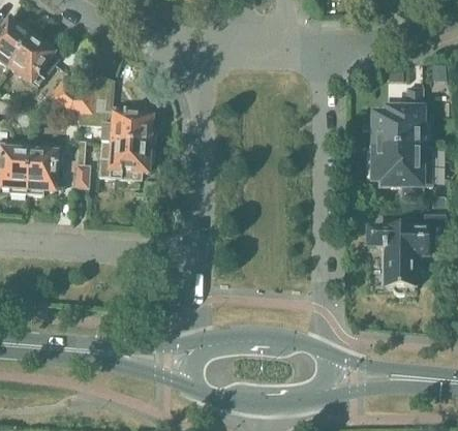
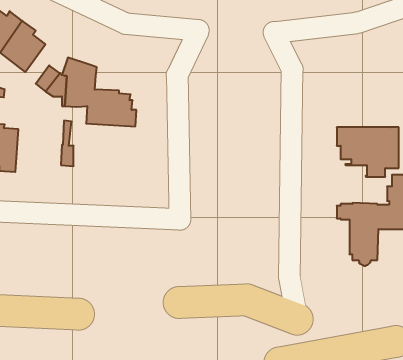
building: [369,85,426,145] -> none
building: [99,141,154,179] -> none
building: [26,147,64,193] -> none

